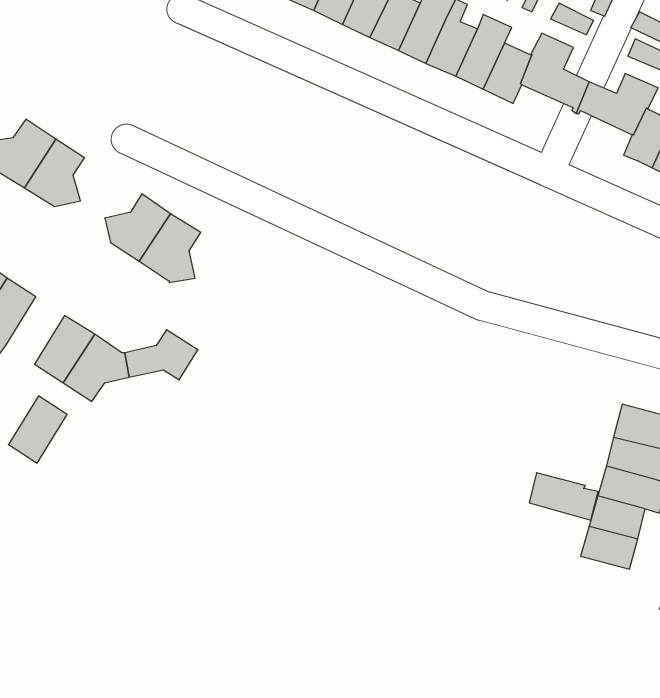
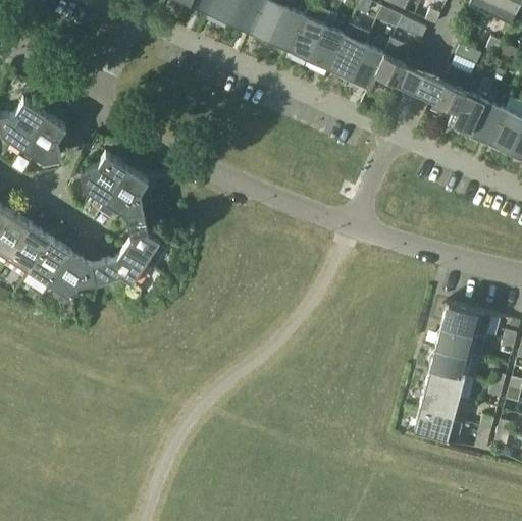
building: none -> [123,213,159,264]
building: [8,396,67,463] -> [9,226,51,274]
building: [529,473,598,520] -> [413,411,462,445]

